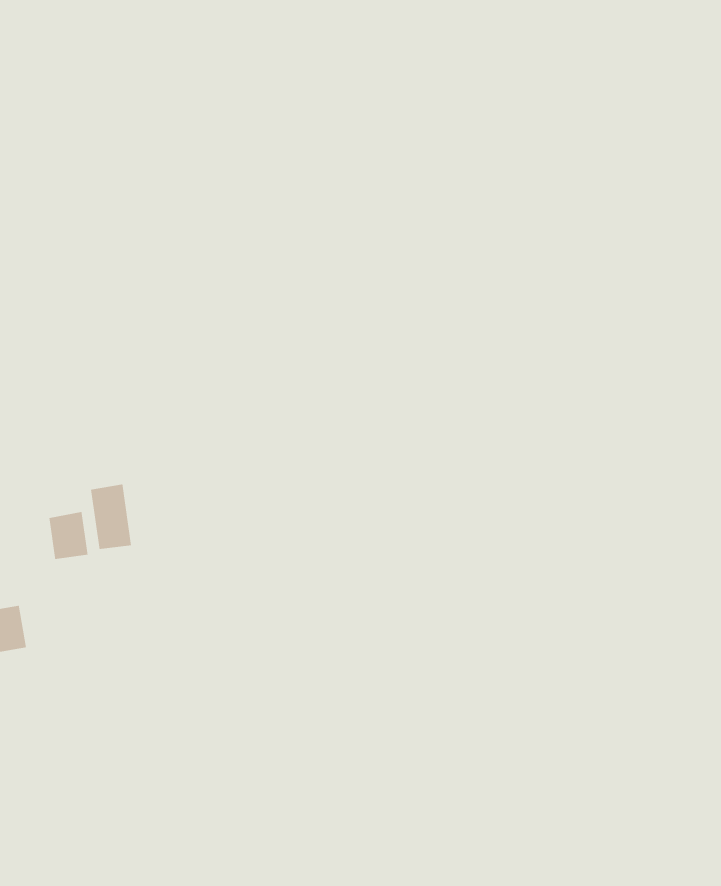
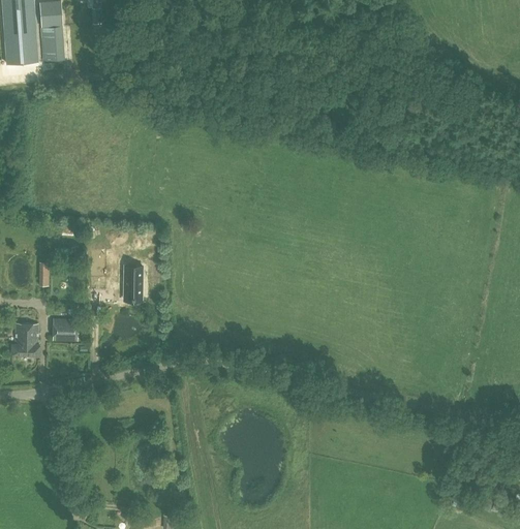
building: [49,511,88,560] -> none

